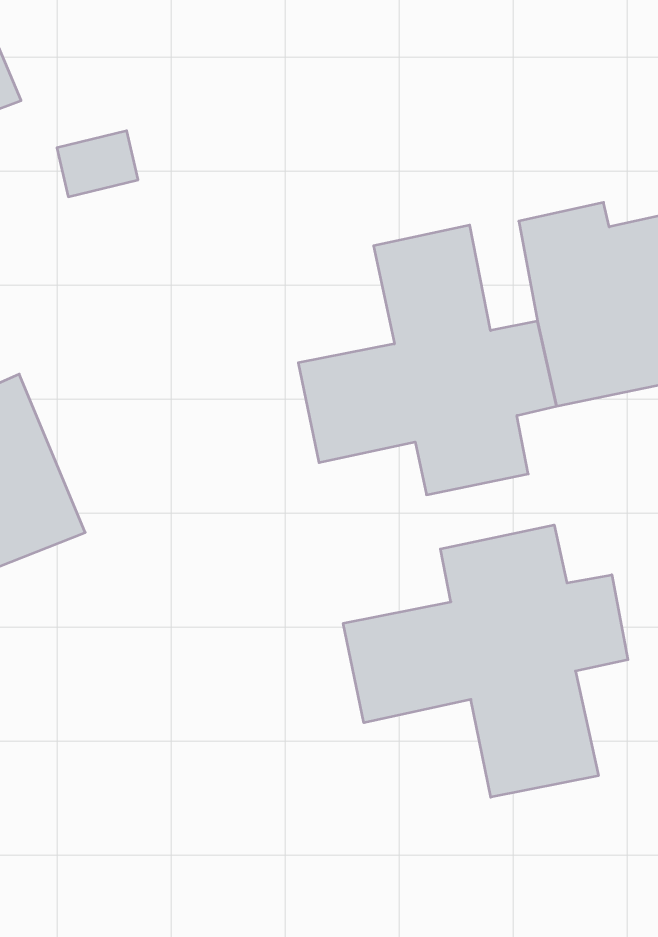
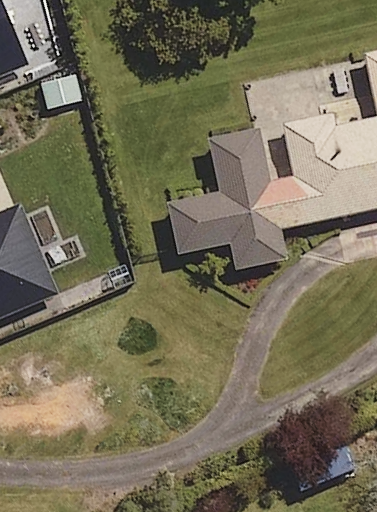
building: [343,525,628,797] -> none

